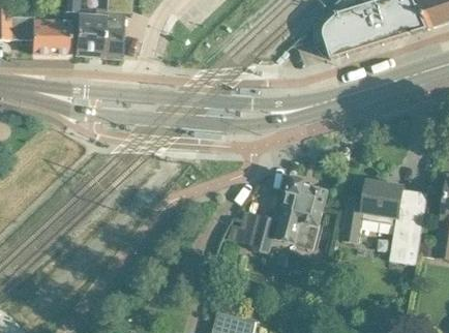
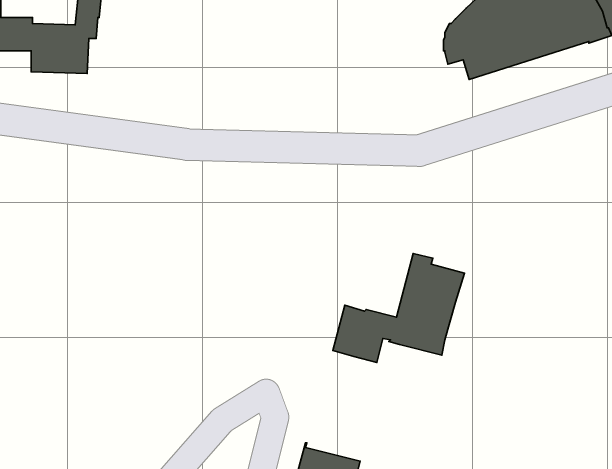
building: [74,9,124,59] -> none
building: [342,182,418,263] -> none

